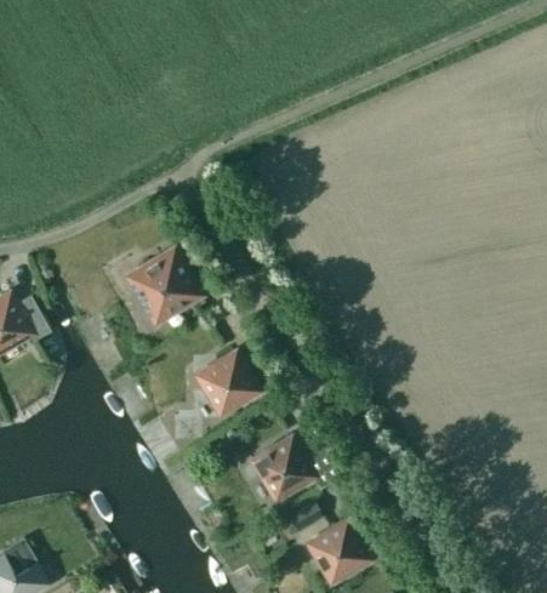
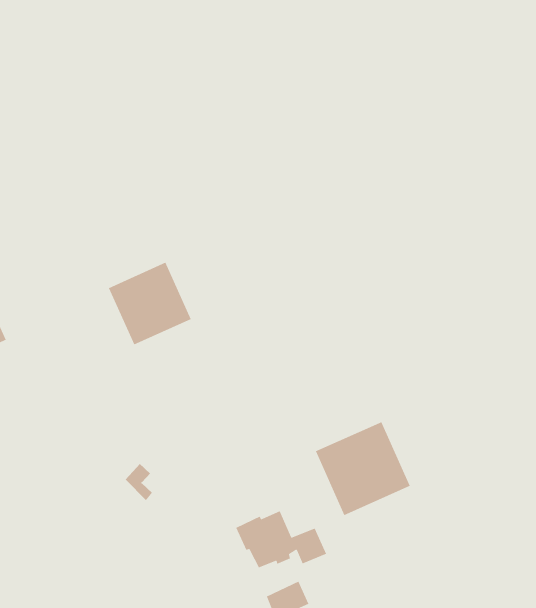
building: [192,354,255,414] -> none
building: none -> [315,421,411,516]

